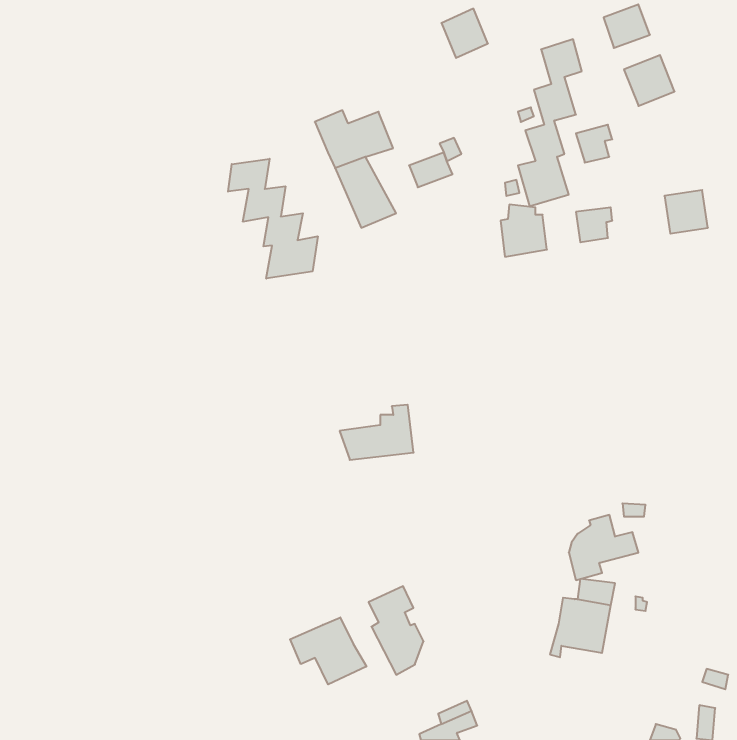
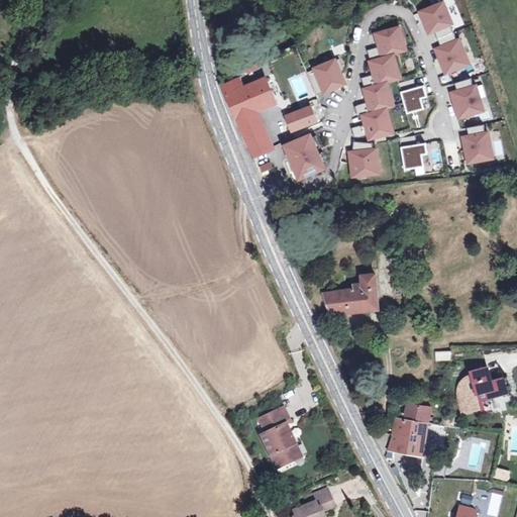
building: [441,9,488,58] -> [313,60,345,94]
building: none -> [451,85,484,118]
building: [228,159,318,279] -> none
building: none -> [289,136,326,179]
building: [340,405,414,460] -> [325,275,377,313]
building: [569,515,638,580] -> [456,367,505,412]
building: [290,617,366,684] -> none

